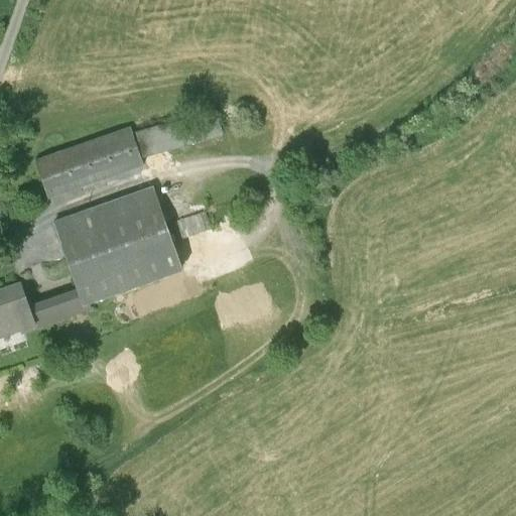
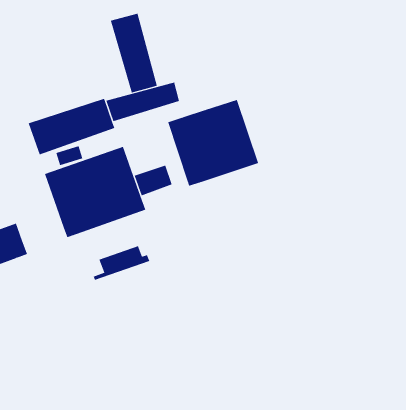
building: none -> [110,13,158,93]
building: none -> [167,99,259,186]
building: [21,289,92,333] -> [93,246,150,281]

